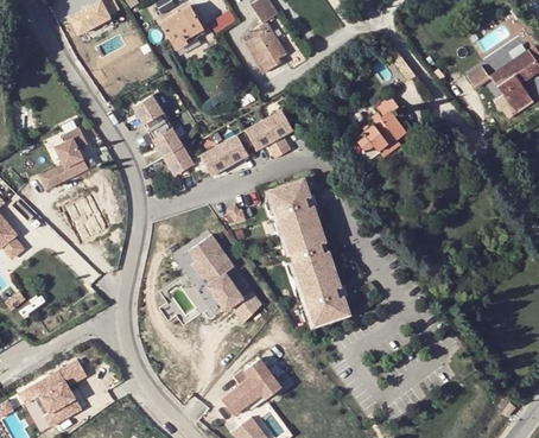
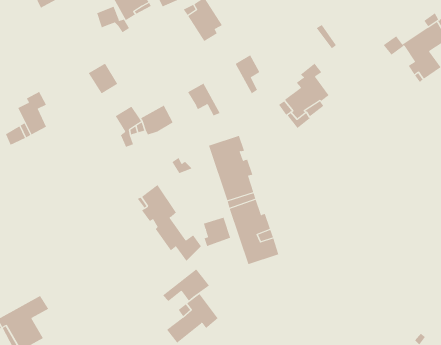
building: none -> [96,6,130,33]
building: [264,108,292,153] -> [235,54,260,94]
building: [147,120,182,157] -> none
building: [218,129,254,164] -> none
building: none -> [203,217,231,247]
building: none -> [162,268,210,302]

